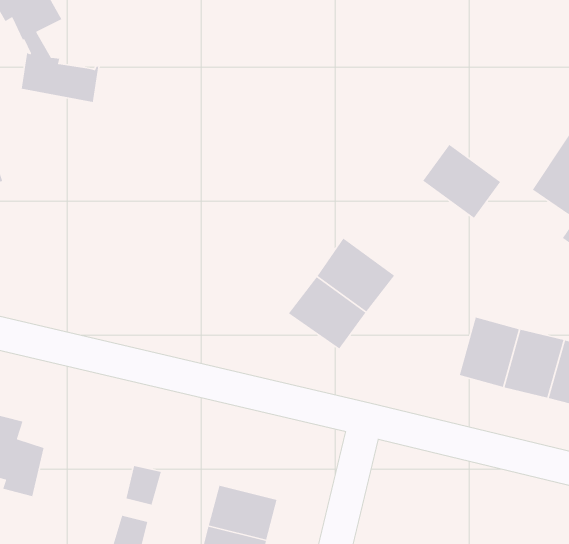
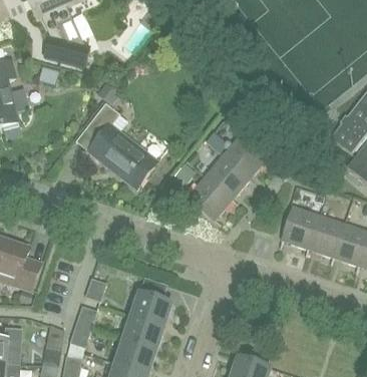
building: [422,144,501,219] -> [221,135,266,179]
building: none -> [85,103,156,187]

